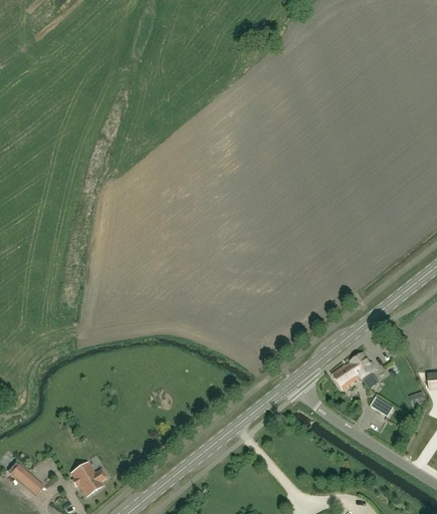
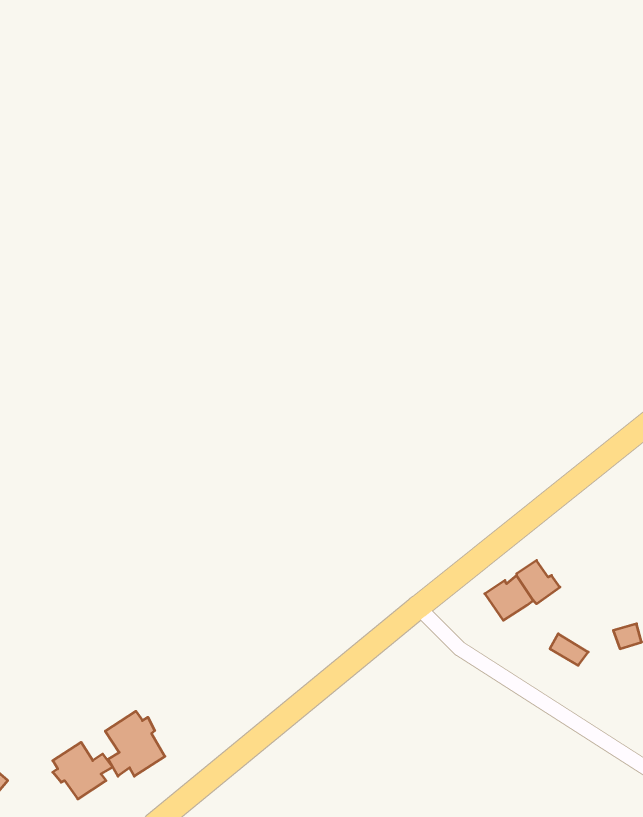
building: none -> [105,711,165,776]

